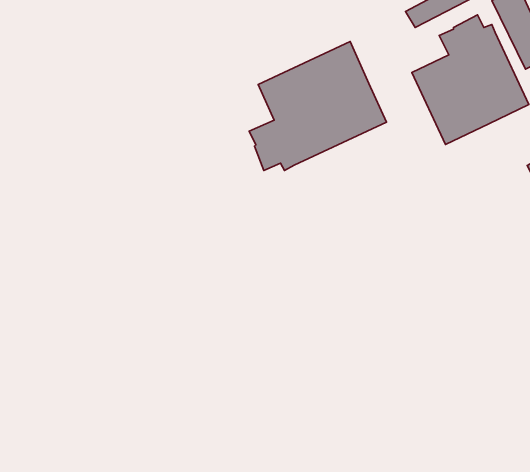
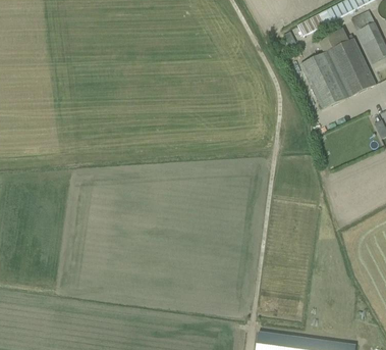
building: [249,41,386,171] -> none

